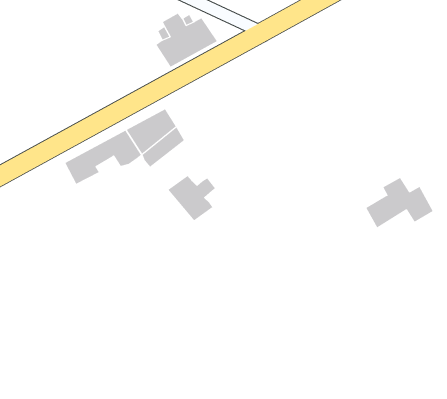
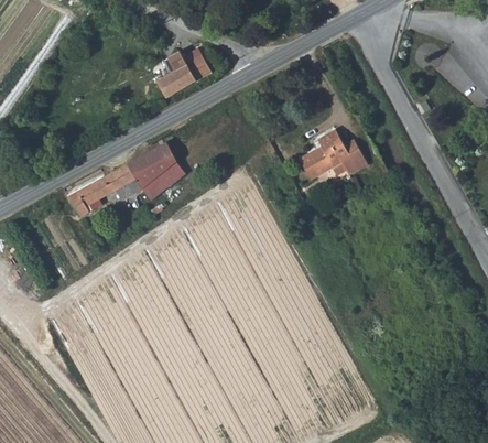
building: [167,175,216,221] -> none
building: [365,177,434,228] -> [299,129,365,179]

